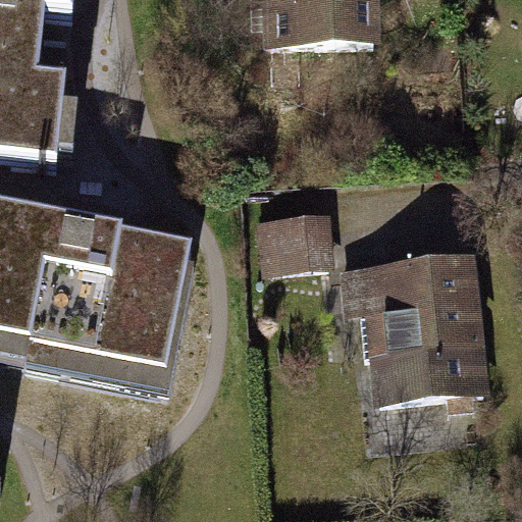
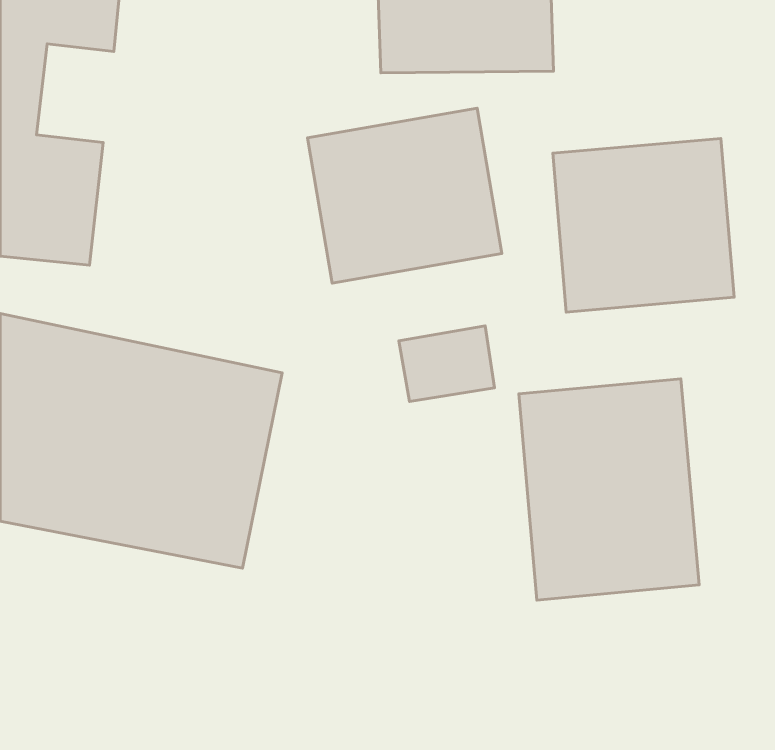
building: none -> [307,108,502,283]
building: none -> [553,138,734,312]

